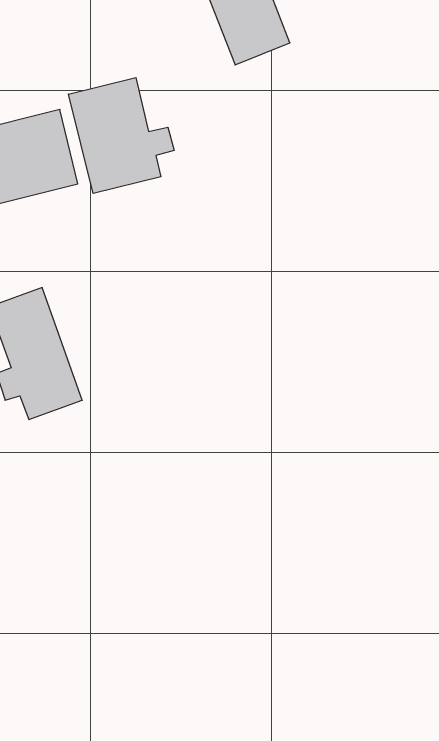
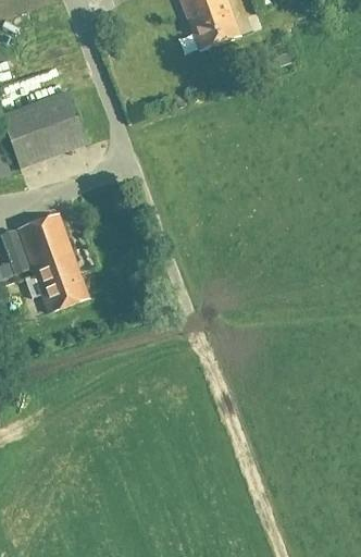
building: [68,78,174,193] -> none

